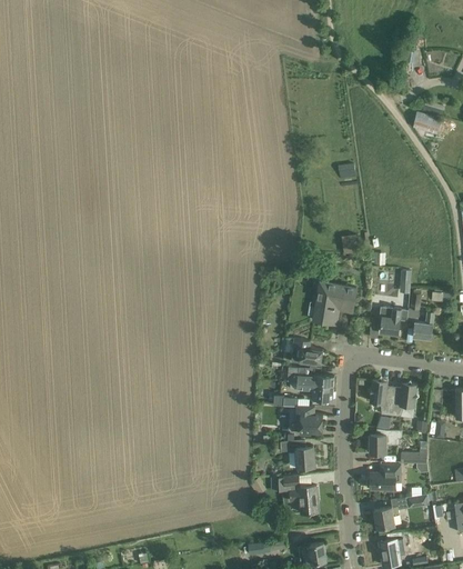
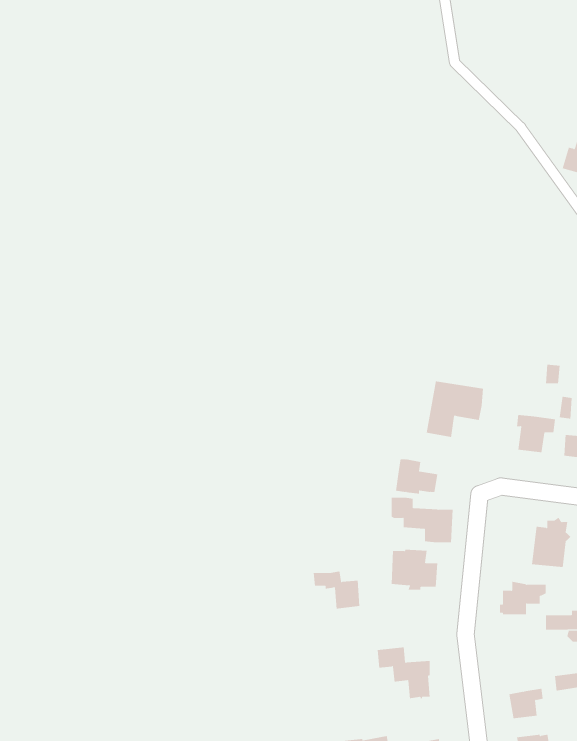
building: [366,378,392,416] -> none
building: [279,440,313,468] -> [313,571,360,609]
building: [366,465,400,491] -> none

